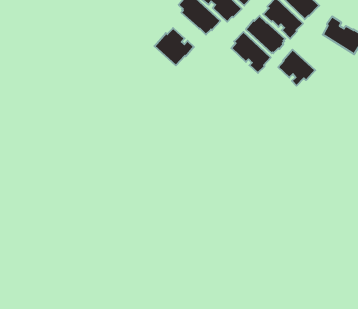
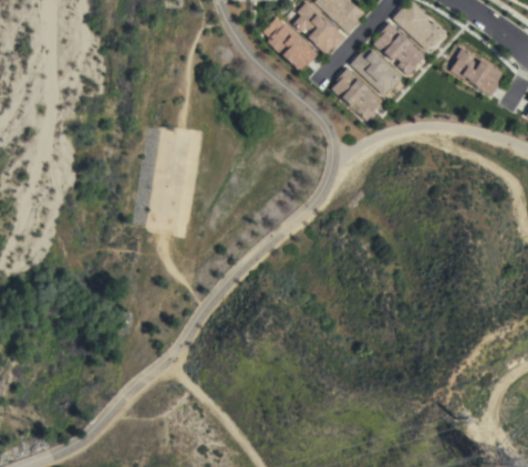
building: [154,28,194,65] -> none
building: [278,50,315,86] -> none

